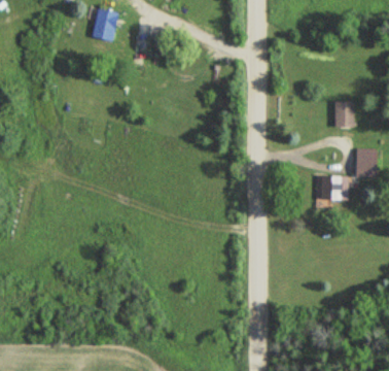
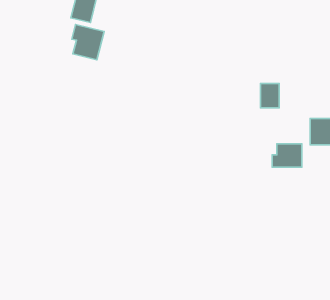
building: none -> [72,25,104,60]
building: [334,101,355,128] -> [261,83,279,108]

